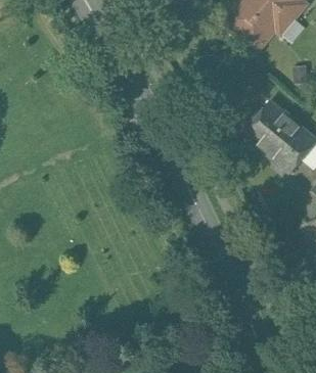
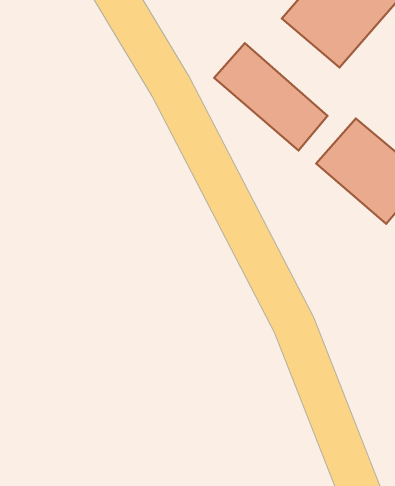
building: none -> [214,43,328,151]

